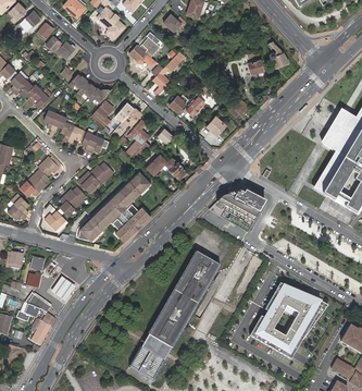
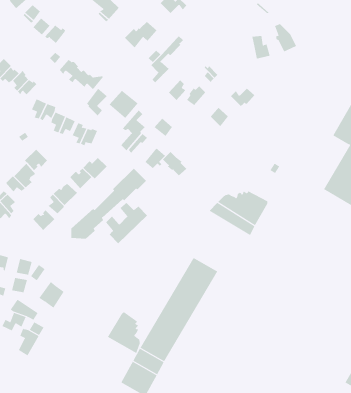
building: [249,283,327,359] -> none
building: none -> [107,311,140,354]

